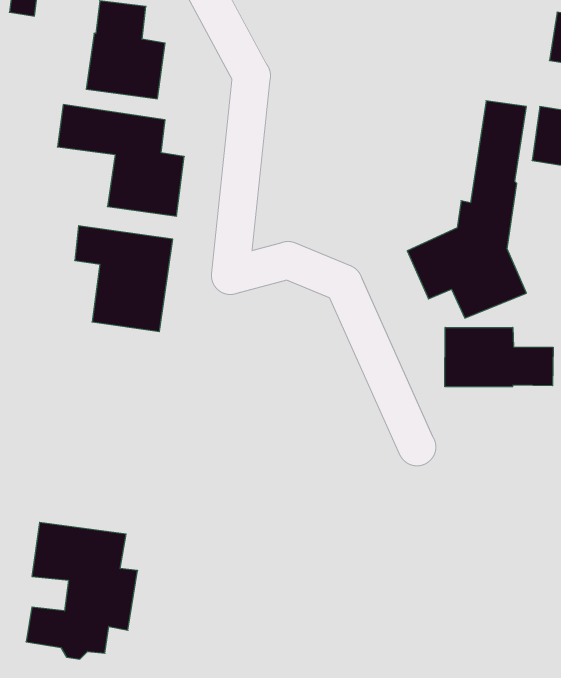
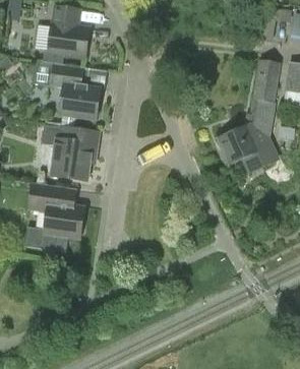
building: [445,327,553,387] -> none
building: [26,522,138,659] -> [23,182,82,254]

